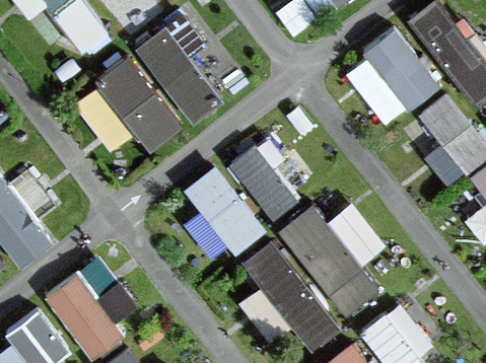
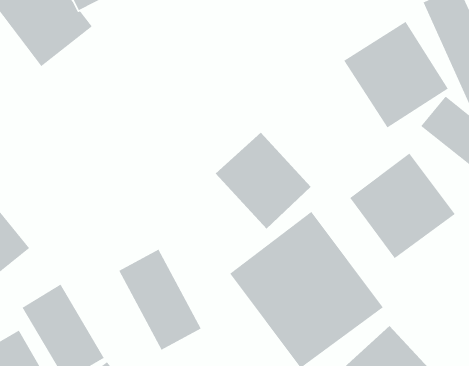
building: [73,18,231,157] -> none
building: none -> [349,152,456,259]
building: [186,160,263,255] -> [118,249,202,351]

